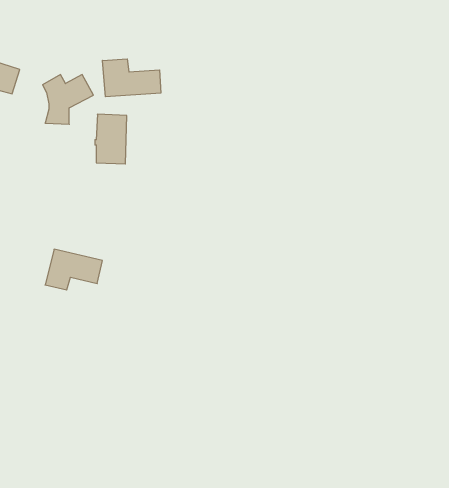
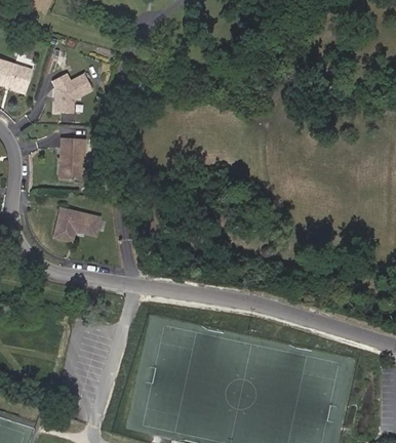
building: [102,59,161,97] -> none
building: [95,114,127,164] -> [58,136,84,176]

